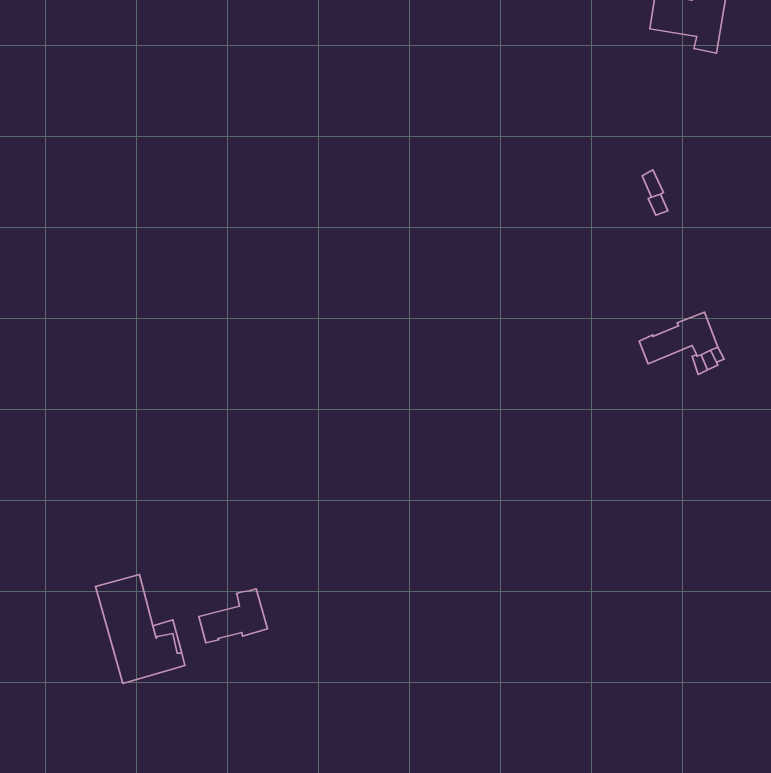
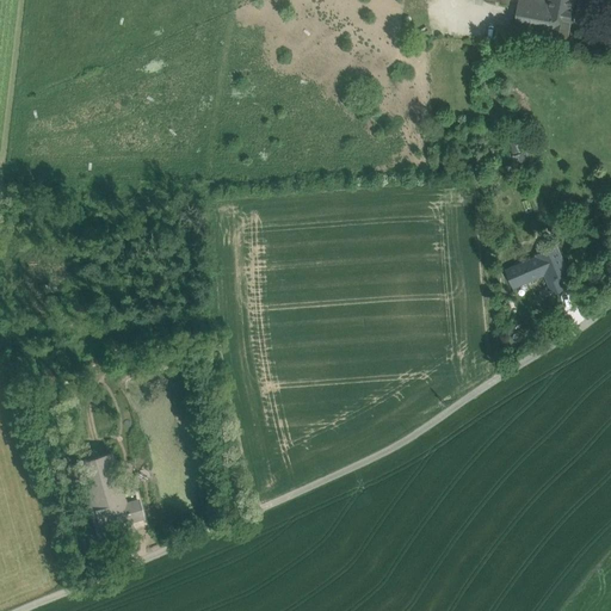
building: [199,589,268,643] -> none

